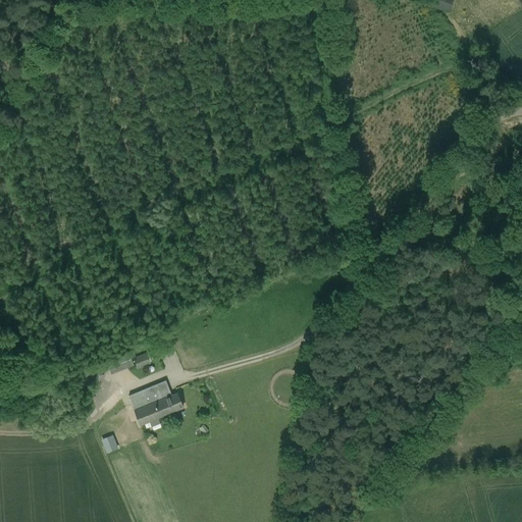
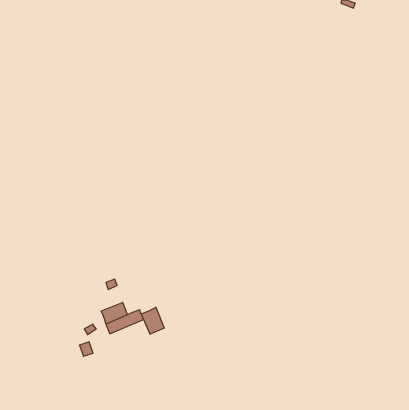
building: none -> [141,307,164,334]

